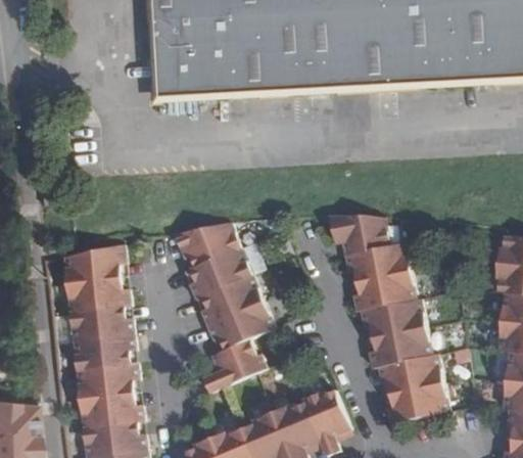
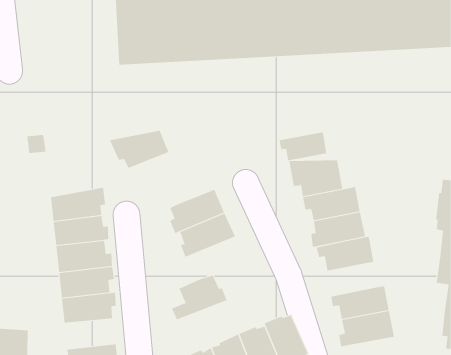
building: none -> [279,132,327,161]
building: [181,219,248,262] -> [109,130,169,168]
building: [215,296,283,345] -> none
building: [370,325,433,365] -> none
building: [79,388,143,423] -> none

